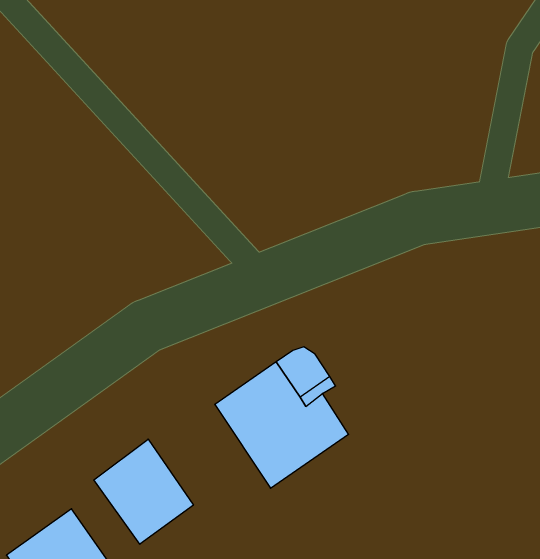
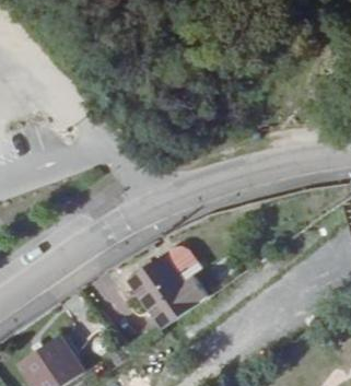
building: [94,439,193,544] -> none

